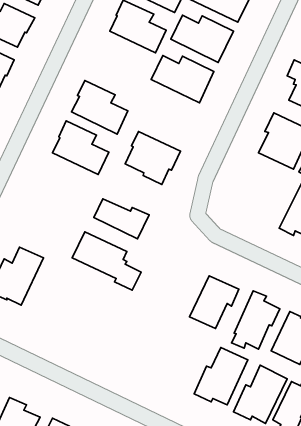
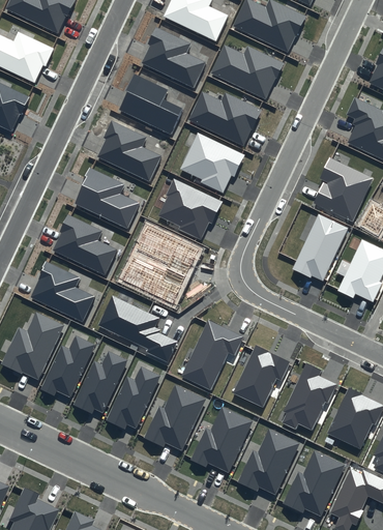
building: none -> [119,72,183,135]
building: none -> [180,132,244,194]
building: none -> [53,214,118,276]
building: none -> [292,214,349,282]
building: none -> [138,226,199,274]
building: none -> [31,261,95,323]
building: none -> [181,320,244,389]
building: none -> [40,335,95,398]
building: none -> [73,351,128,414]
building: none -> [106,366,160,430]
building: none -> [144,384,207,450]
building: none -> [190,407,253,473]

